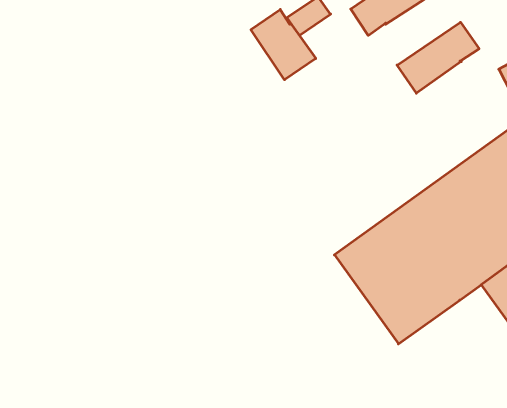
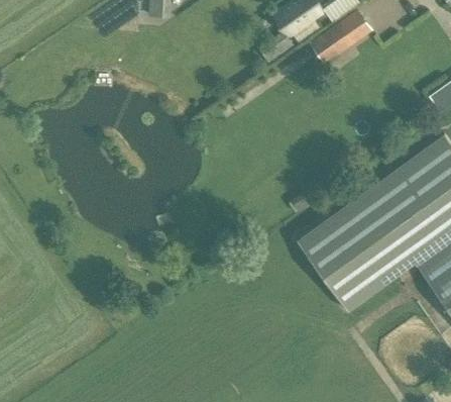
building: [251,9,316,80] -> none
building: [397,22,479,93] -> none

